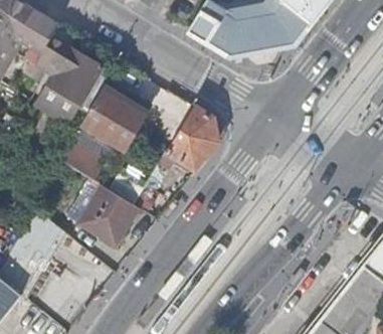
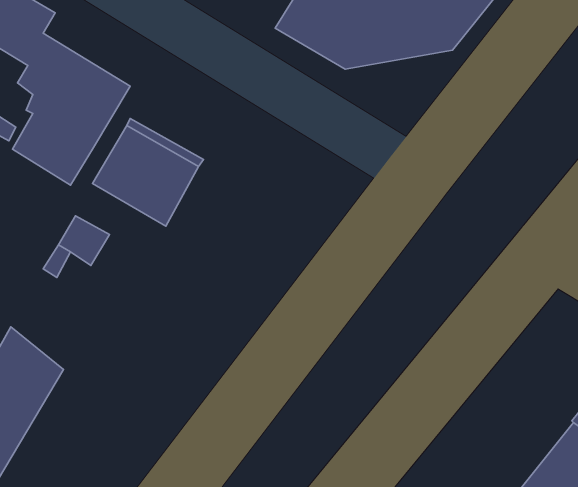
building: [166,105,217,170] -> none
building: [77,185,137,244] -> none

